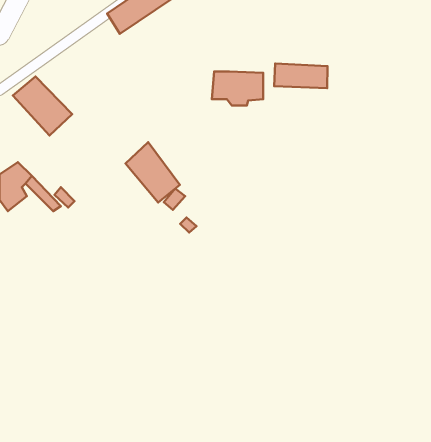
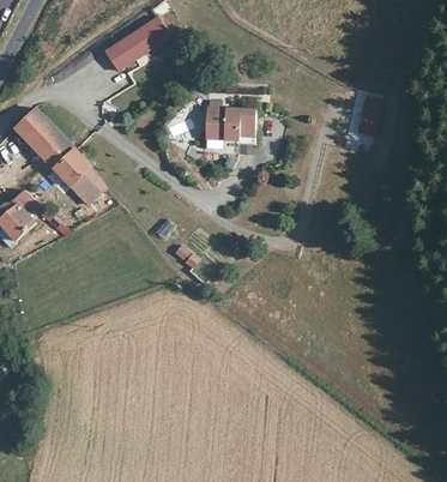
building: [274,64,327,88] -> none
building: [126,142,180,202] -> [50,146,102,204]

